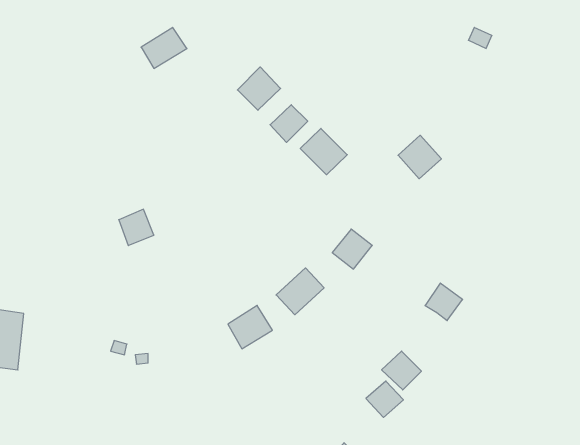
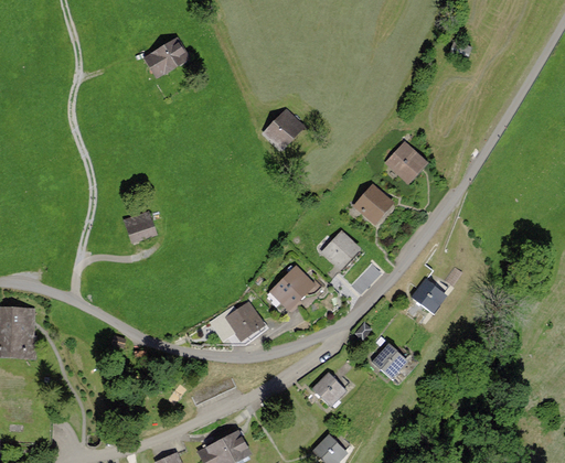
building: [237,67,281,110] -> none
building: [300,128,347,175] -> none
building: none -> [353,183,394,224]
building: [366,381,403,417] -> [312,374,348,408]

